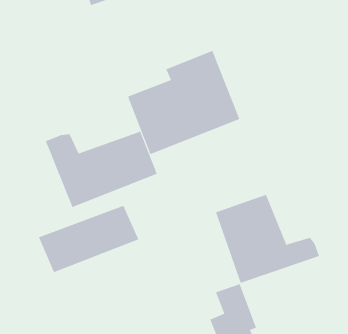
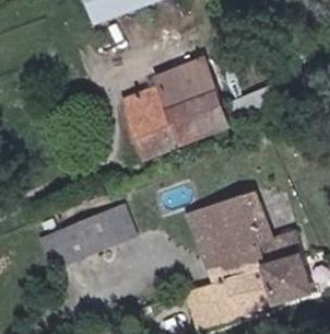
building: [45,131,157,208] -> none
building: none -> [227,252,315,318]

